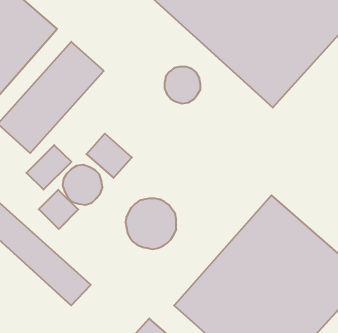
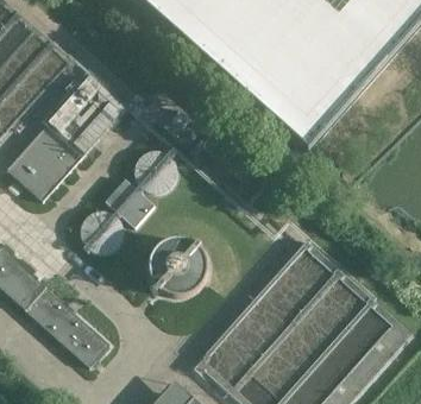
building: [165,67,200,103] -> [134,153,174,194]
building: [26,145,71,190] -> none
building: [39,190,78,229] -> none

